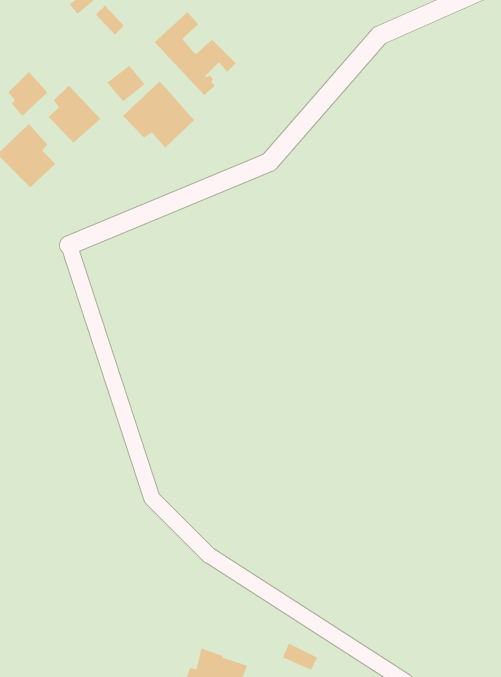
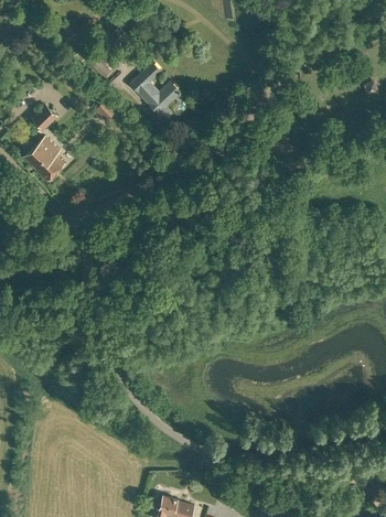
building: [122,81,195,148] -> none
building: [48,85,101,143] -> none

